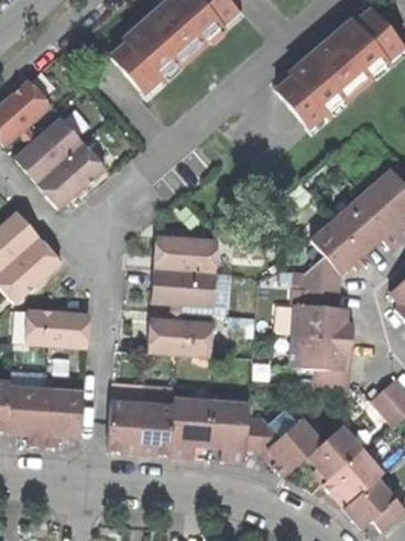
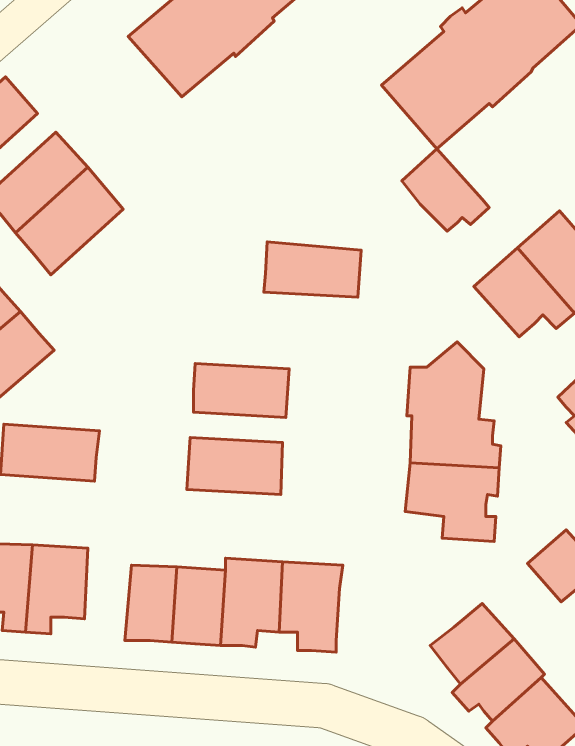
building: [311,218,369,272] -> [402,149,489,231]
building: [152,236,216,272] -> [264,242,361,297]
building: [244,416,321,474] -> none

